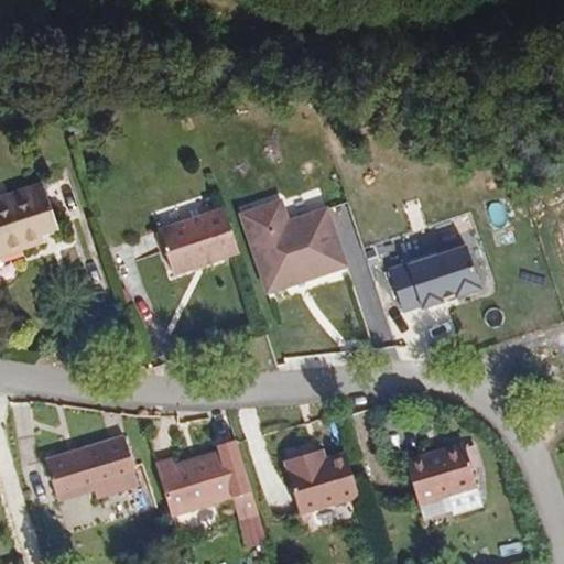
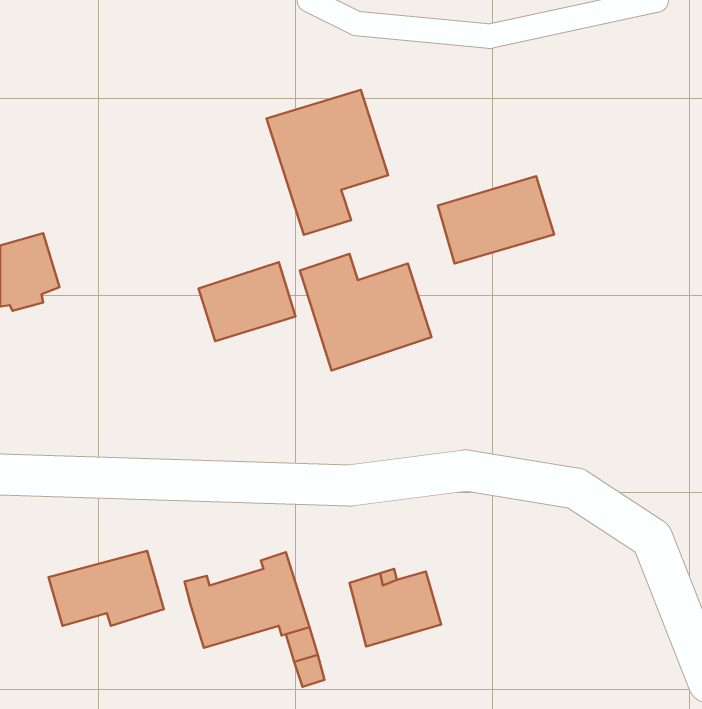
building: none -> [266,90,388,235]
building: [395,242,488,312] -> [438,176,554,264]
building: [404,445,484,513] -> none

